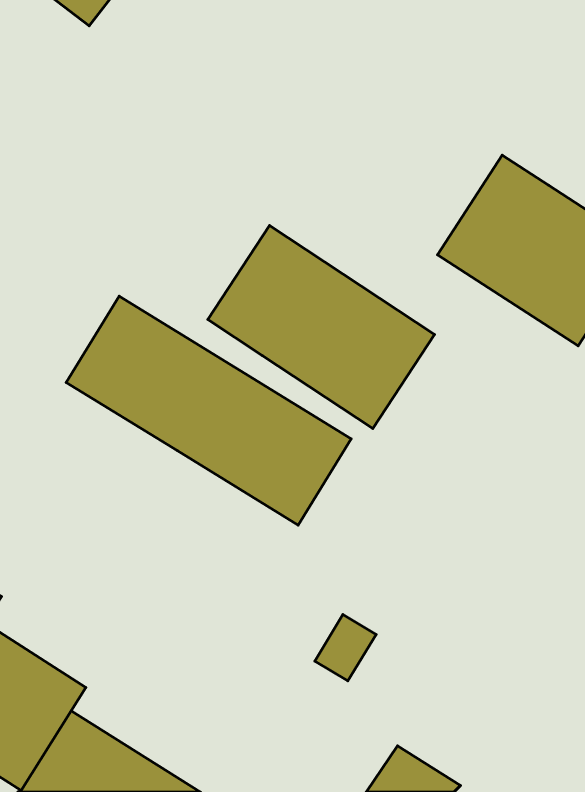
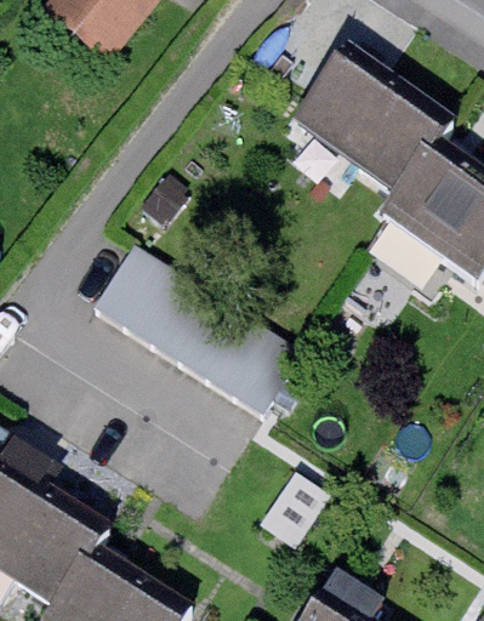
building: none -> [286,50,433,187]
building: [208,226,434,428] -> none

